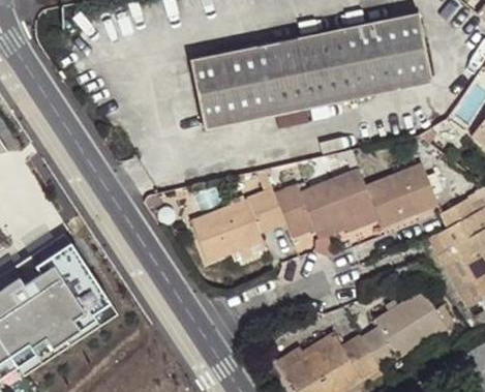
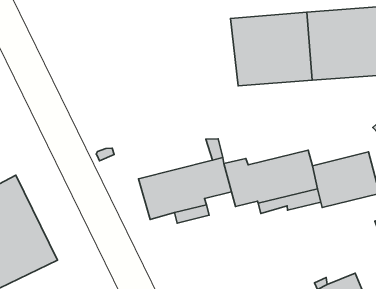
building: [187,44,279,128] -> none

